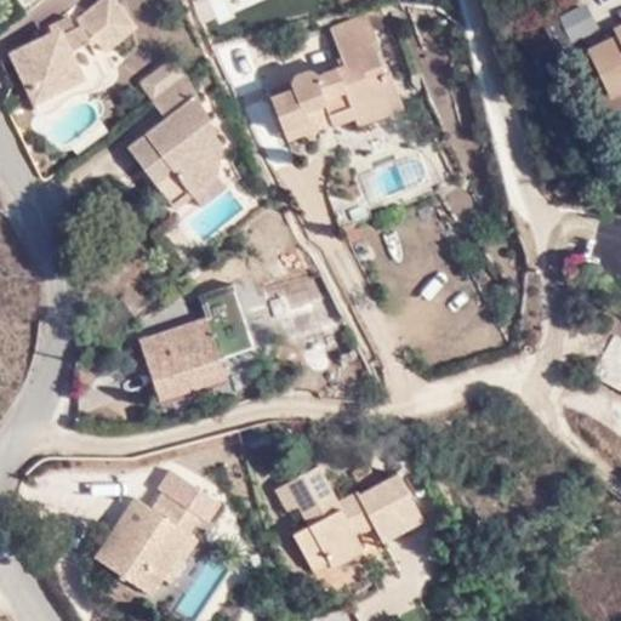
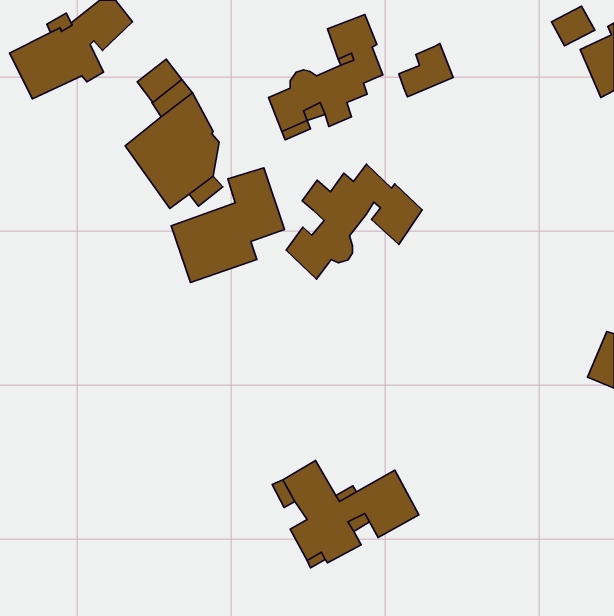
building: [349,73,404,126] -> [399,44,453,97]
building: none -> [286,164,422,279]
building: [139,285,253,400] -> [171,168,284,282]
building: [95,471,223,594] -> none

